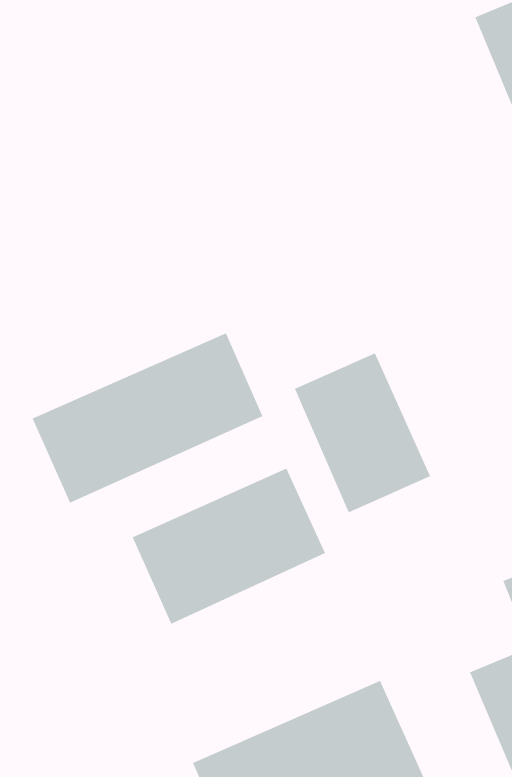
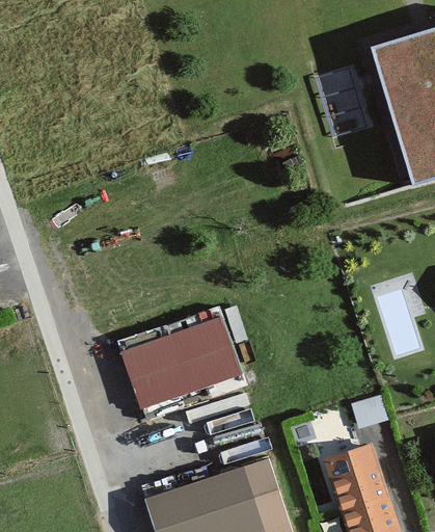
building: [32,332,263,503] -> none
building: [294,352,431,513] -> none

